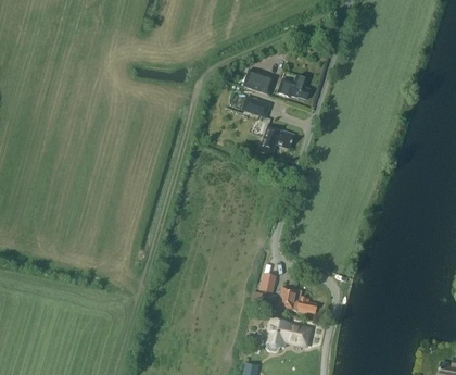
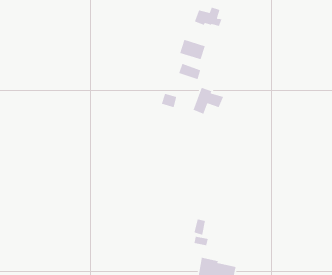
building: [278,75,311,98] -> [194,7,223,27]
building: [279,285,317,312] -> none

